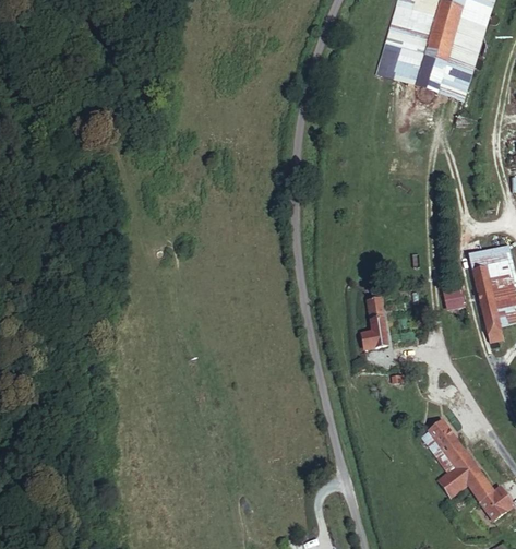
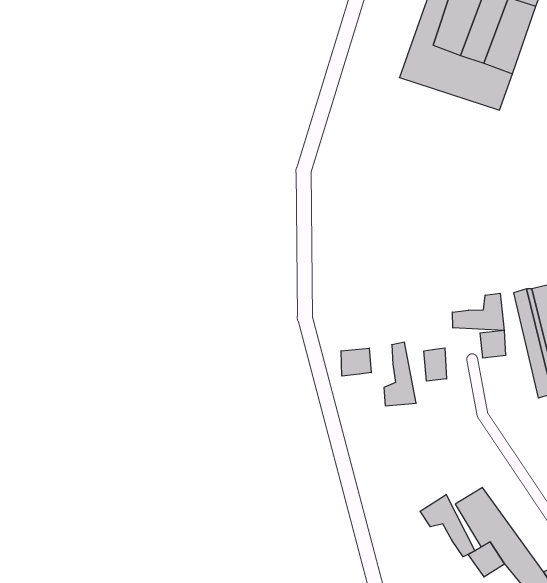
building: none -> [452,293,504,331]
building: none -> [424,348,447,381]
building: none -> [341,348,371,376]
building: none -> [420,494,475,557]

